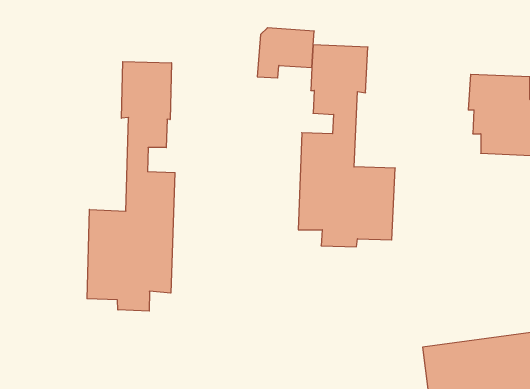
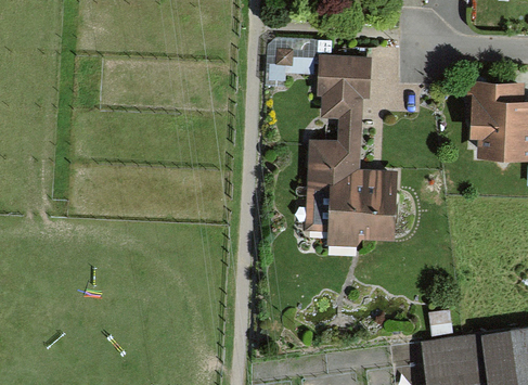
building: [87,62,175,311] -> none

